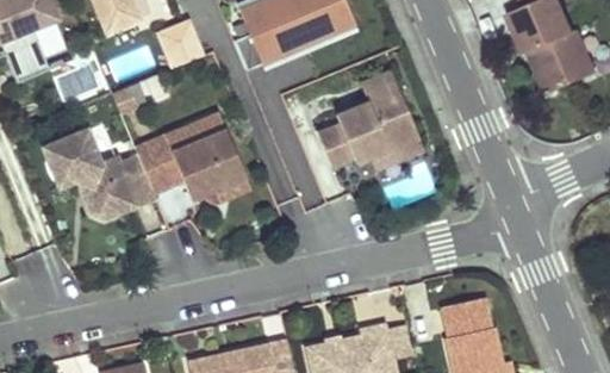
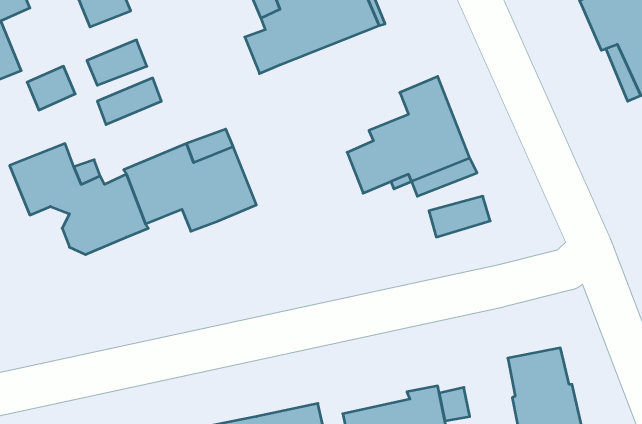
building: [154,17,200,64] -> none

